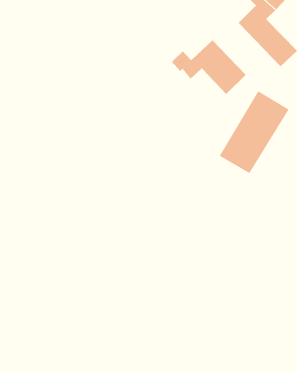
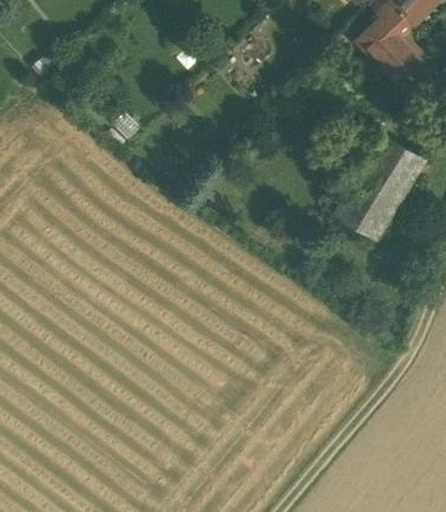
building: [171,39,247,95] -> none

